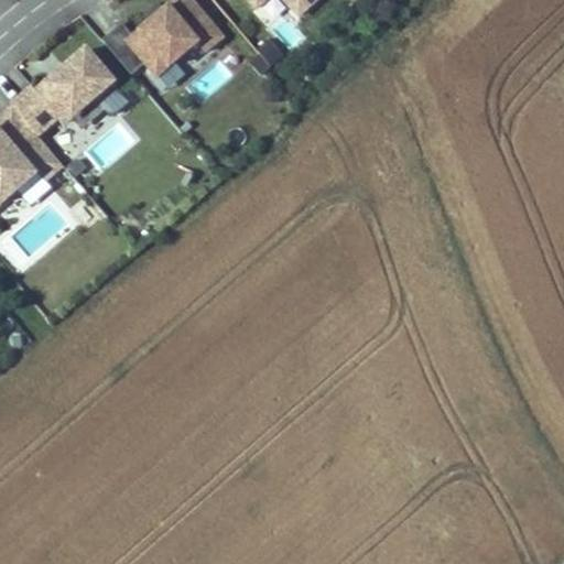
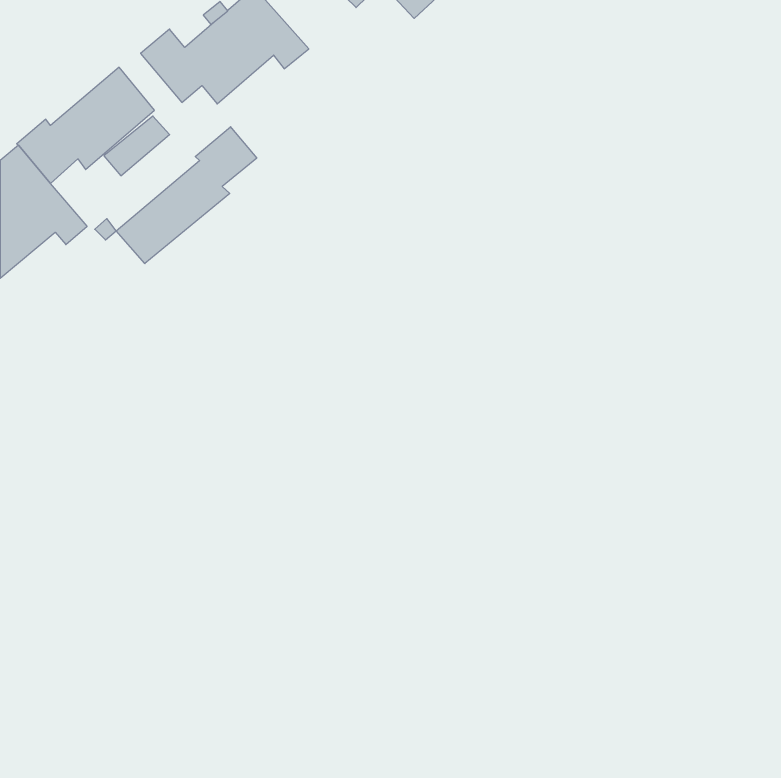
building: none -> [116,127,257,264]

